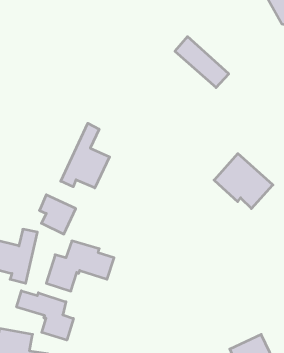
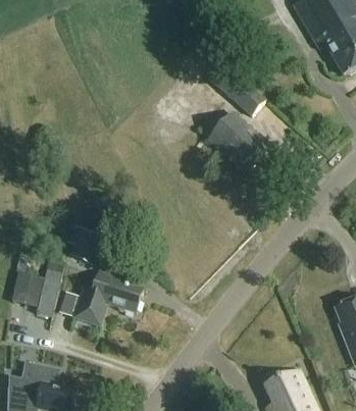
building: [61,123,110,188] -> none
building: [214,154,273,209] -> [207,111,268,168]
building: [17,291,73,340] -> none

